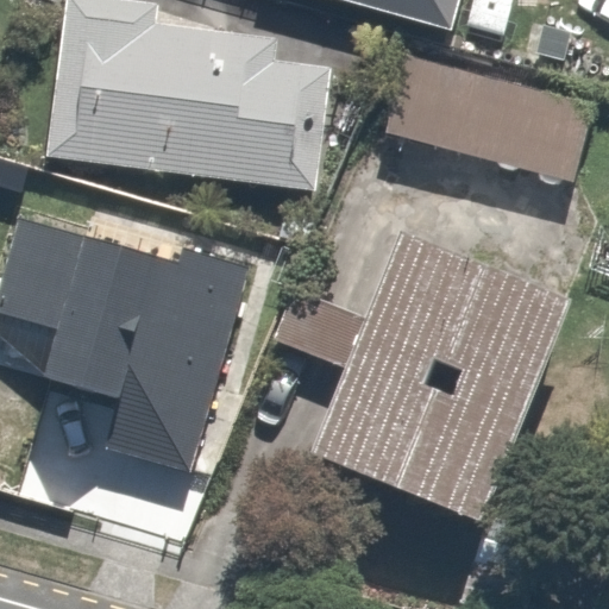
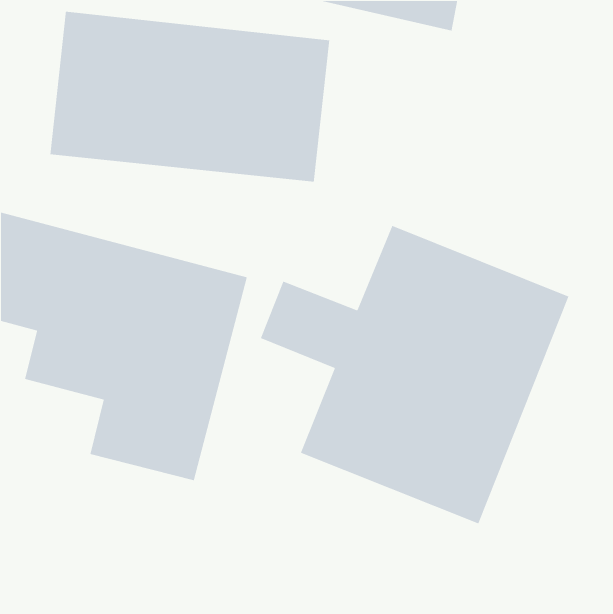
building: [383,62,590,181] -> none

